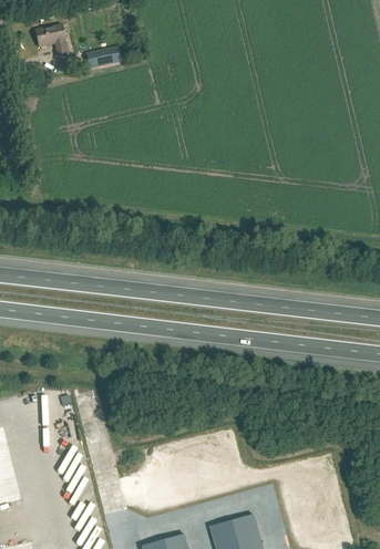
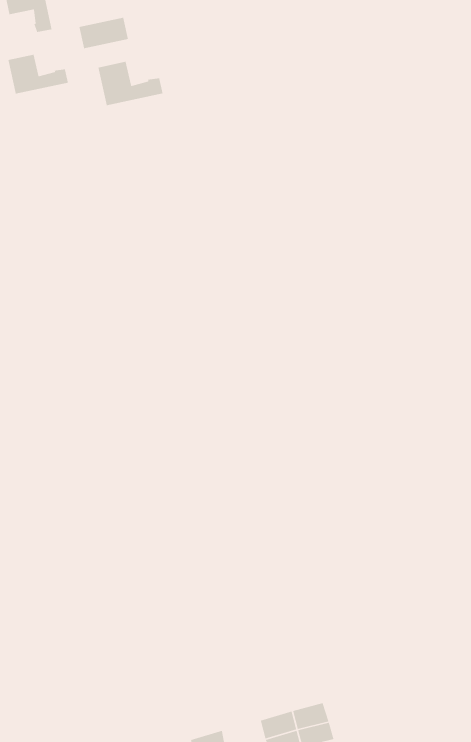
building: none -> [8,54,69,95]
building: none -> [97,61,163,106]

